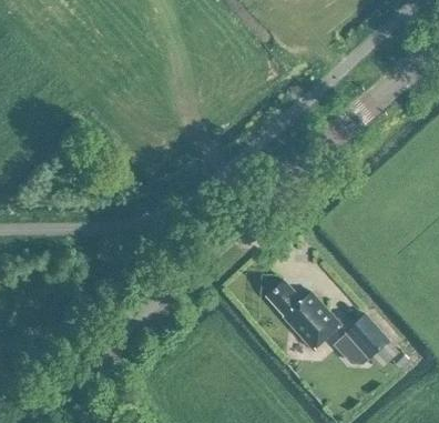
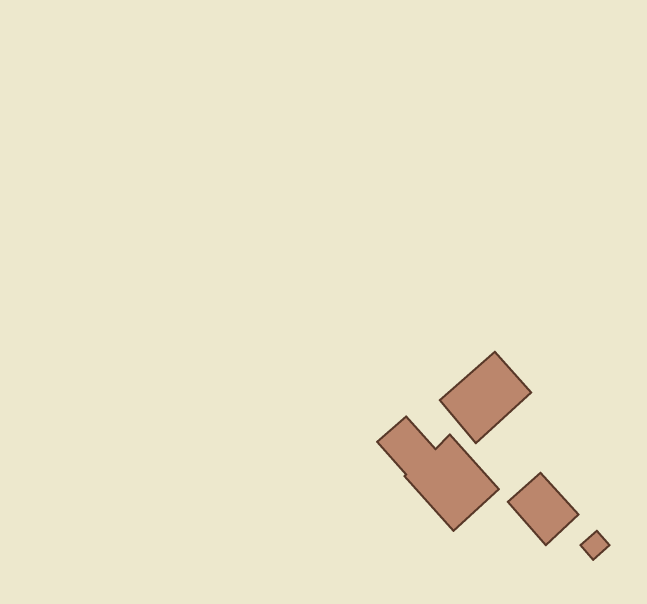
building: none -> [440,352,531,443]

